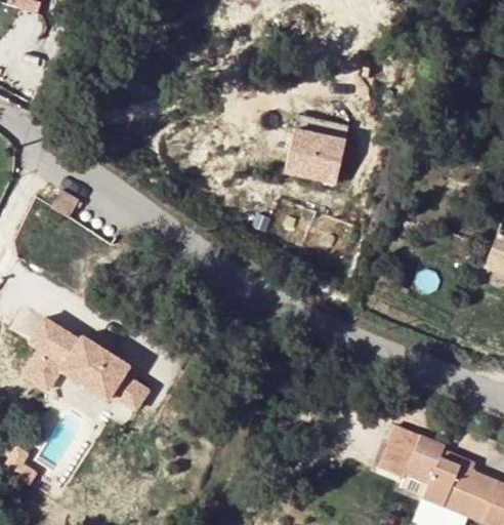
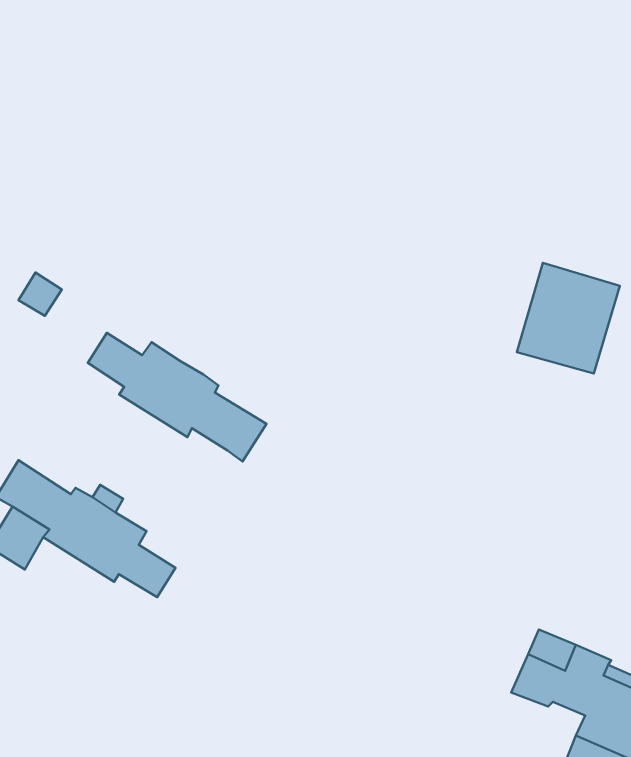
building: [284,114,352,188] -> [517,263,620,374]
building: none -> [88,333,266,462]

